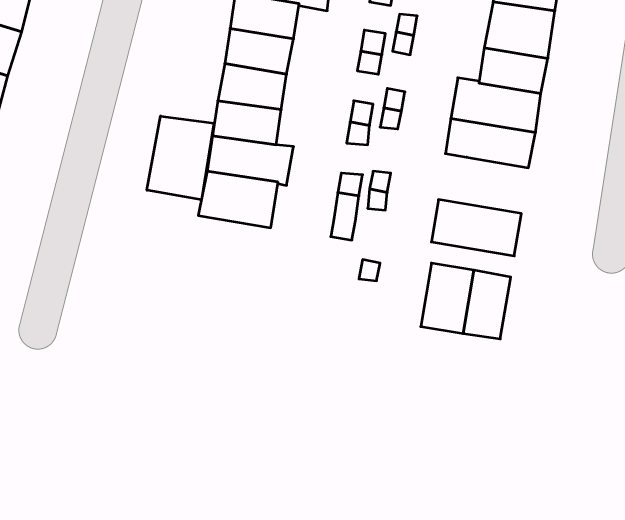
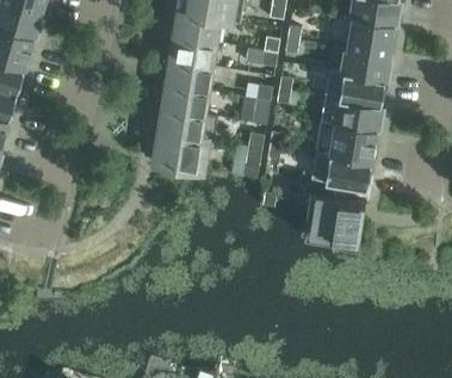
building: [147,116,214,200] -> none
building: none -> [315,122,376,162]

